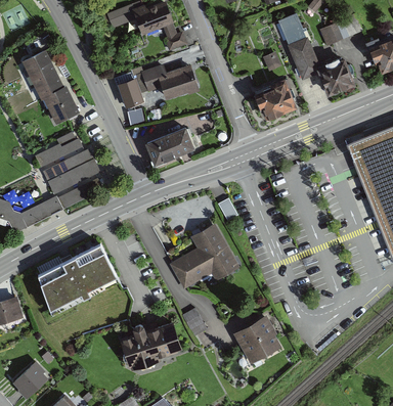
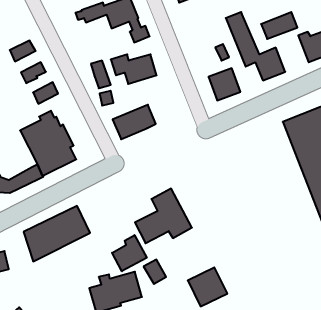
building: [29,61,59,87] -> none
building: [44,85,74,110] -> none
building: none -> [112,235,147,271]

